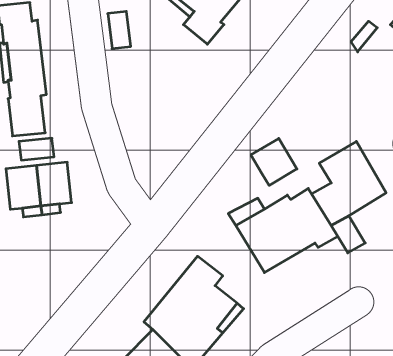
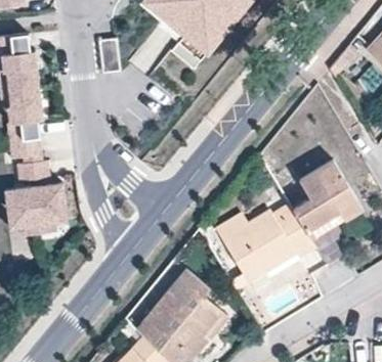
building: [251,138,297,185] -> none

